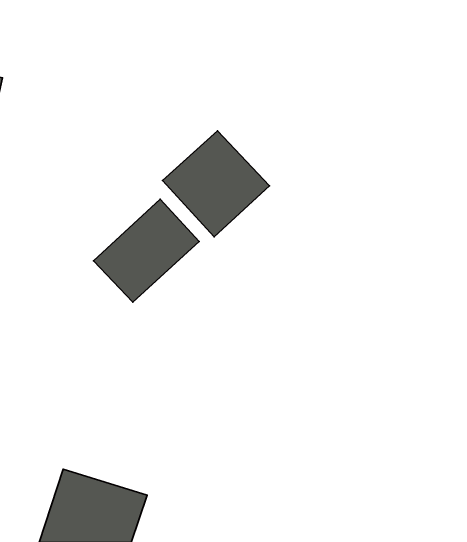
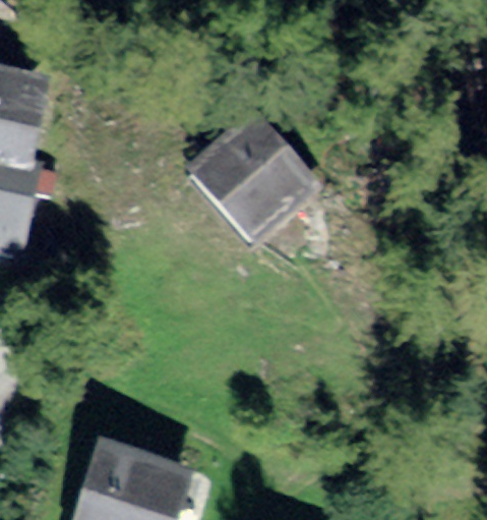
building: [93,199,199,302] -> none

